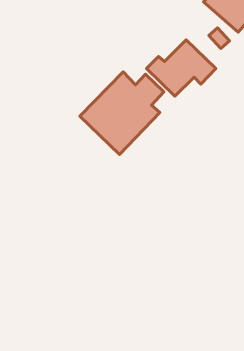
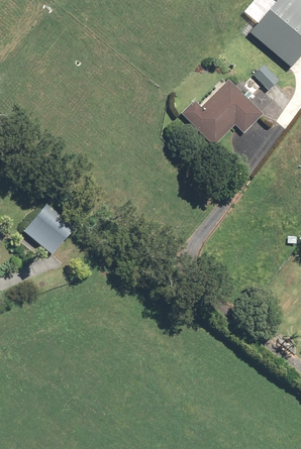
building: [80,72,164,154] -> none
building: none -> [23,209,73,257]

